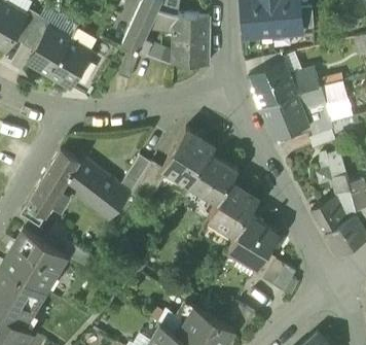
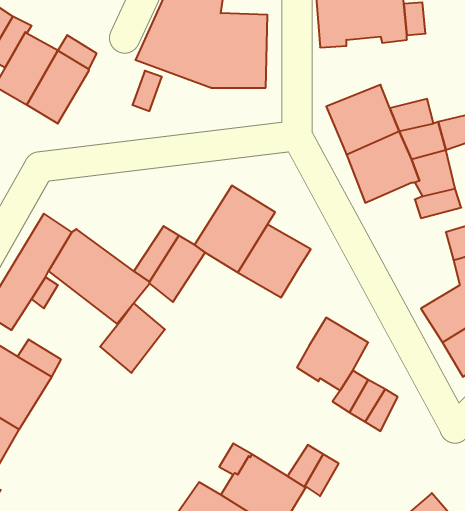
building: [209,182,258,235] -> none
building: none -> [100,303,165,373]

